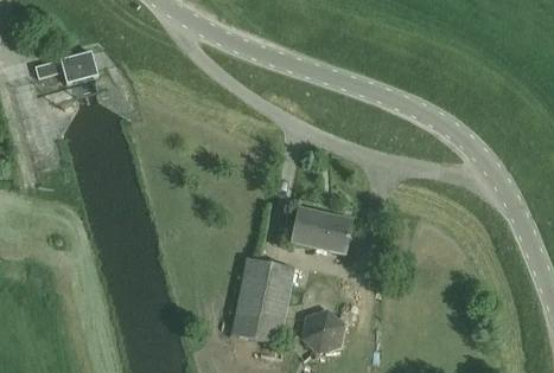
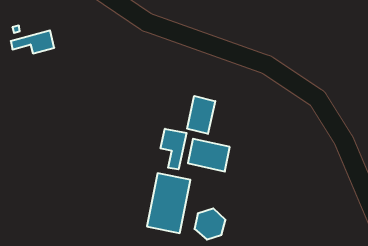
building: none -> [187,96,215,134]
building: none -> [161,129,187,169]

